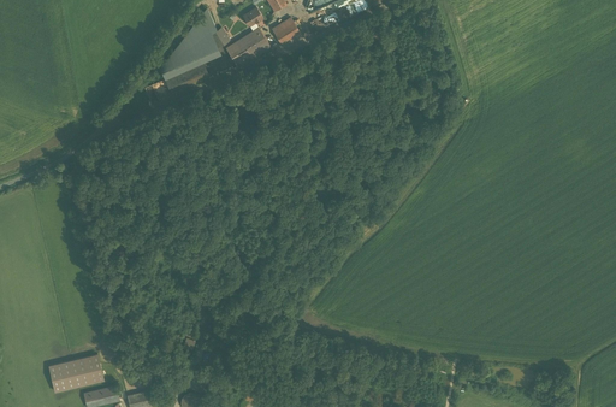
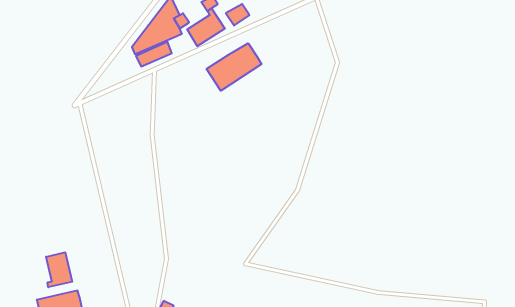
building: none -> [207,43,261,91]
building: none -> [46,252,72,287]

